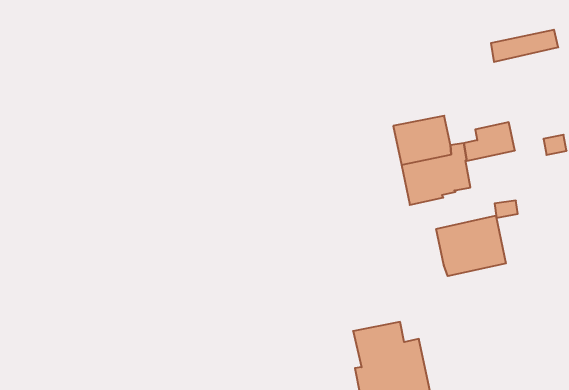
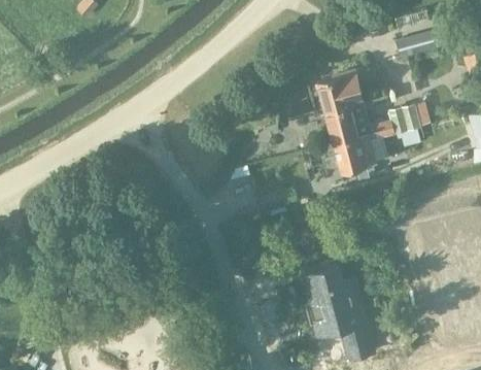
building: none -> [315,70,362,111]
building: [436,216,506,276] -> none

